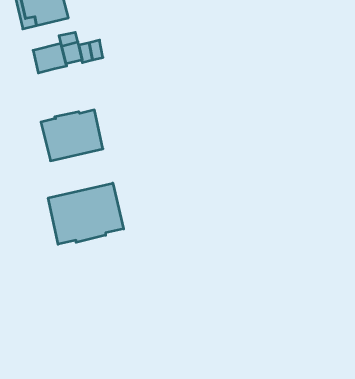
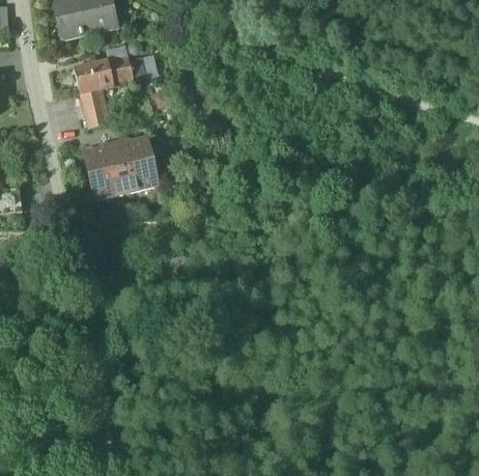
building: none -> [80,86,107,122]
building: [48,183,124,244] -> none

